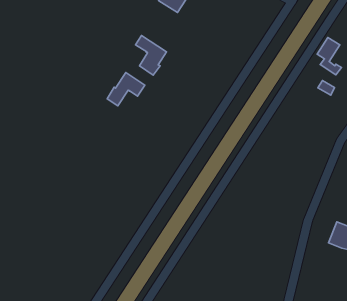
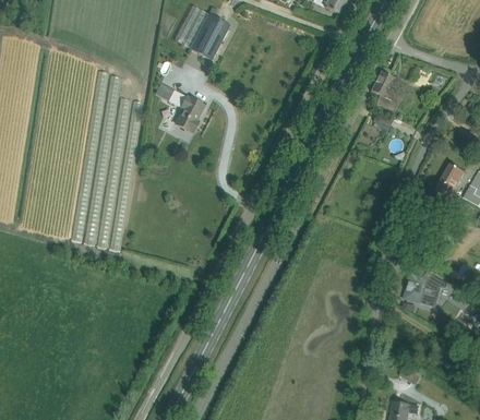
building: [107,73,145,106] -> none

